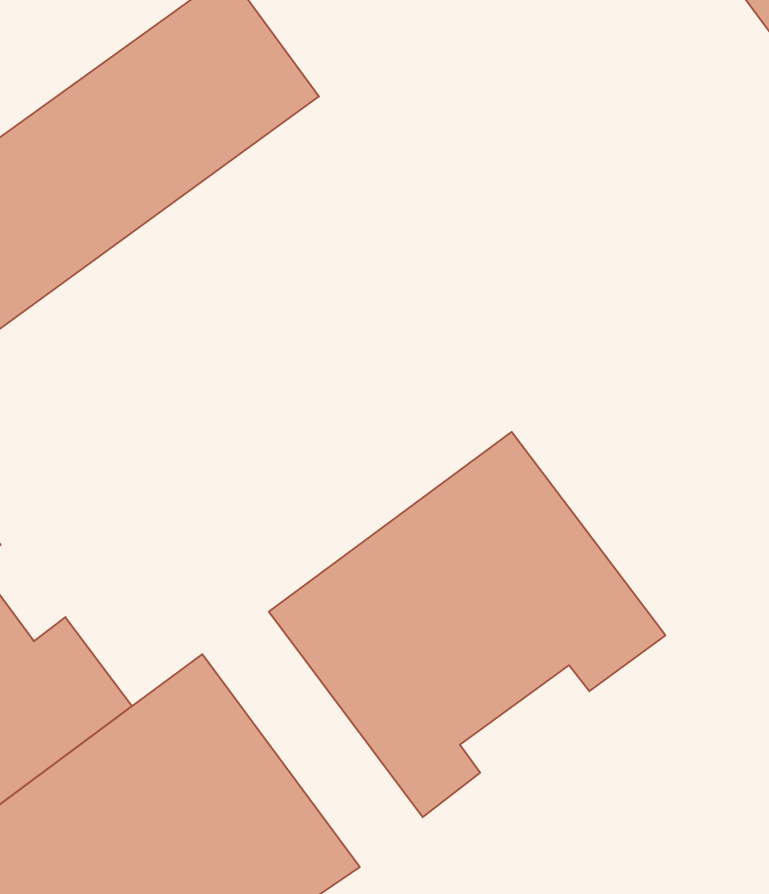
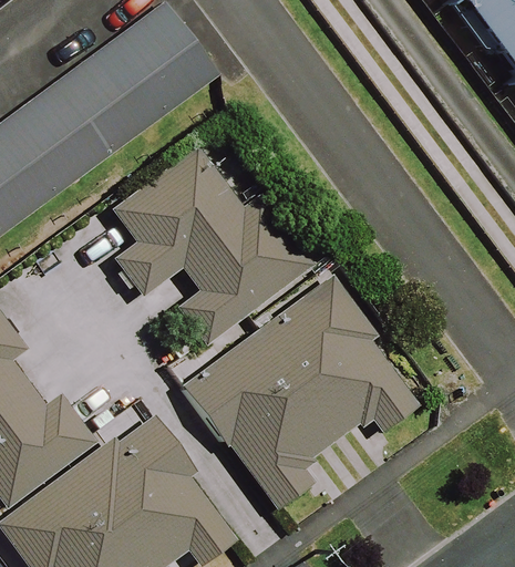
building: none -> [113,150,310,344]

